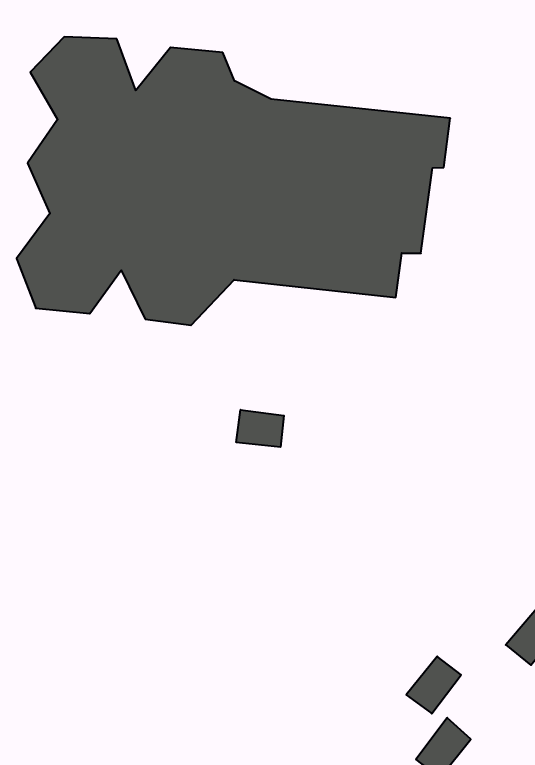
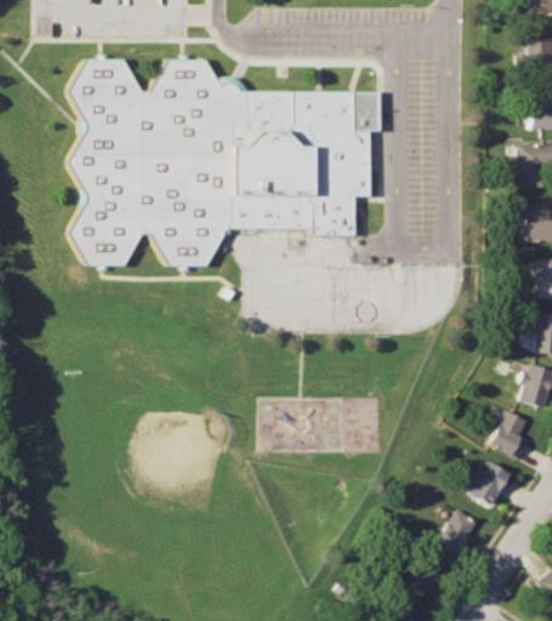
building: [236,410,284,447] -> none
building: [406,656,461,714] -> [436,507,476,551]

